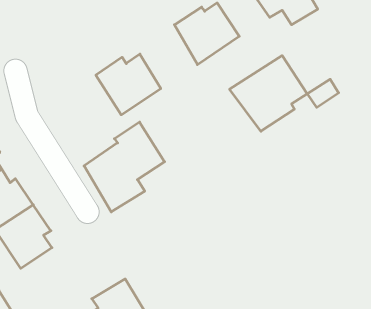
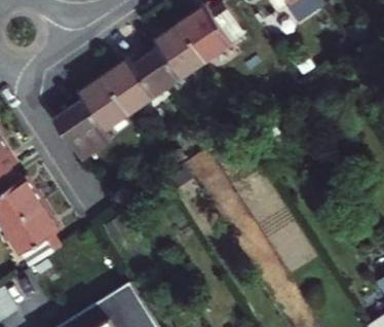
building: none -> [143,28,199,90]
building: [230,56,307,131] -> none
building: [84,122,165,212] -> [45,77,124,166]

